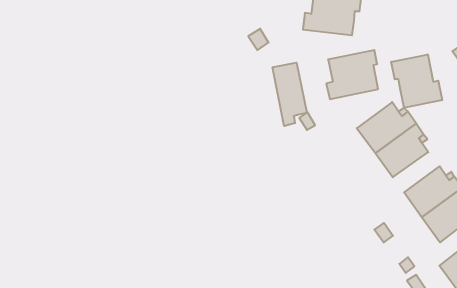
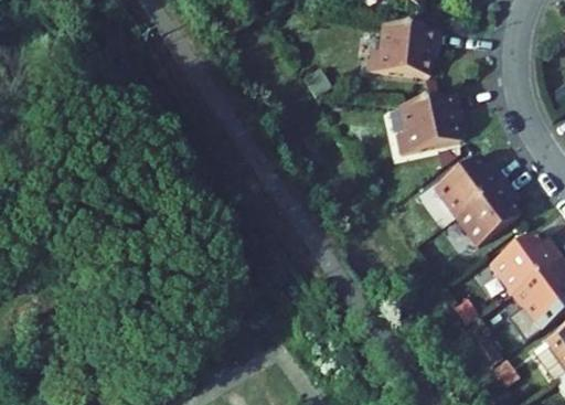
building: [391,54,442,108] -> none
building: [273,63,307,126] -> none

